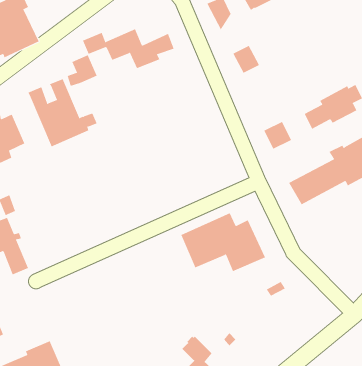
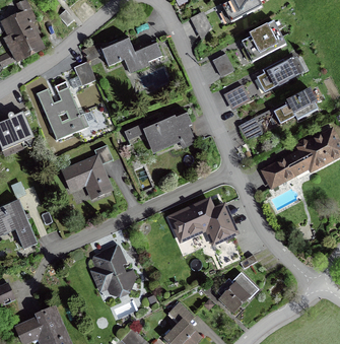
building: none -> [241,20,285,62]
building: none -> [253,57,304,94]
building: none -> [222,84,251,111]
building: none -> [124,113,196,153]
building: none -> [60,144,113,200]
building: none -> [89,244,136,298]
building: none -> [217,272,259,314]

